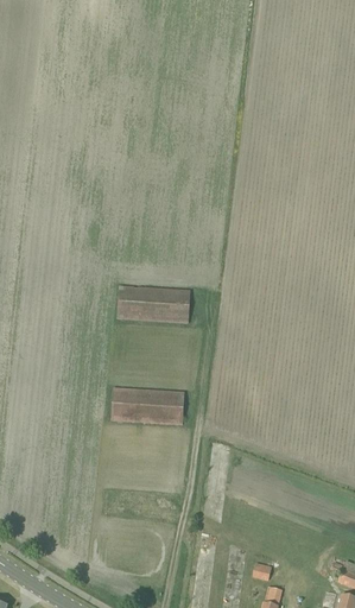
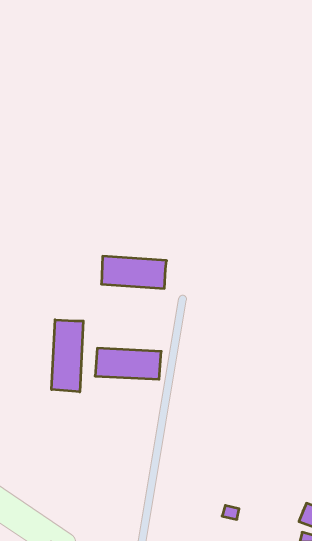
building: none -> [52,320,83,392]

